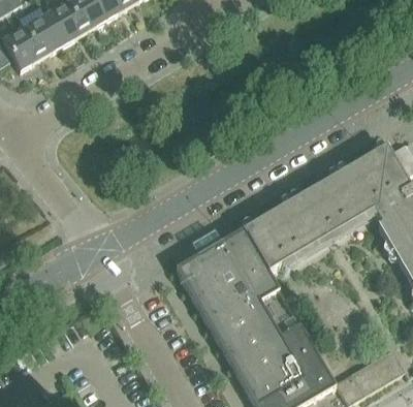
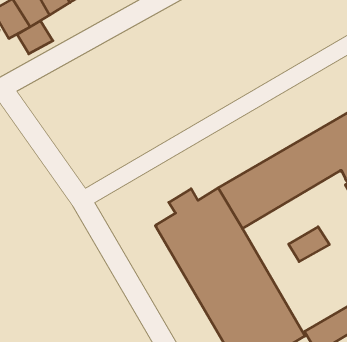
building: none -> [17,21,53,54]
building: none -> [289,227,329,262]

